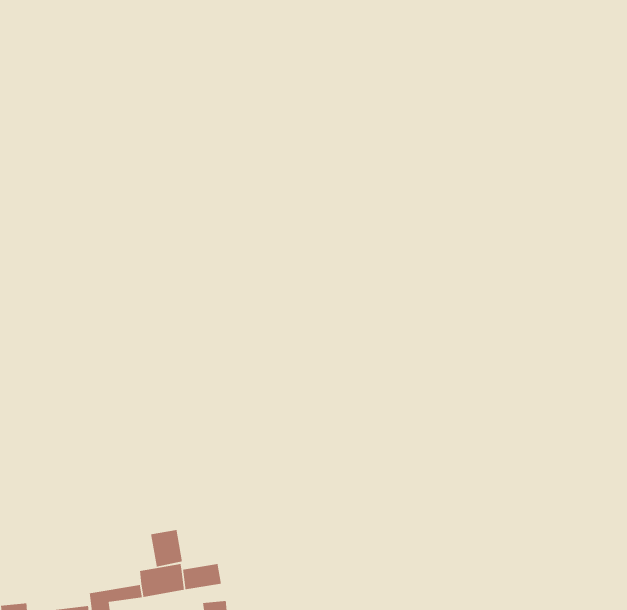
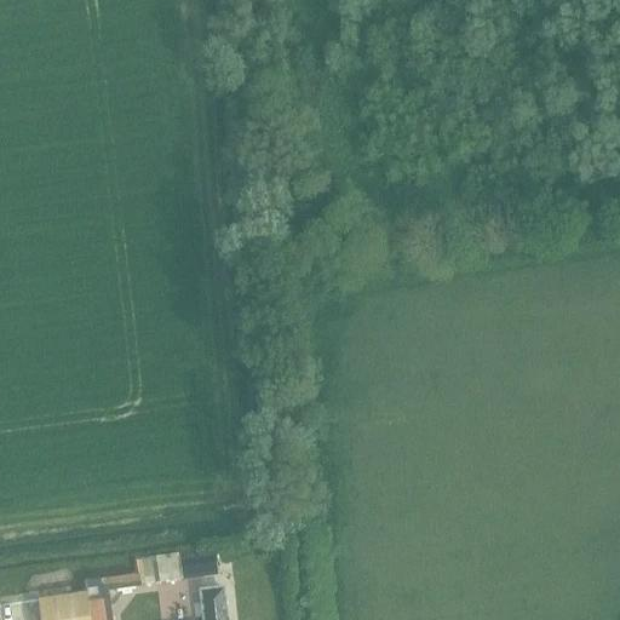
building: [150,529,183,568] -> none

